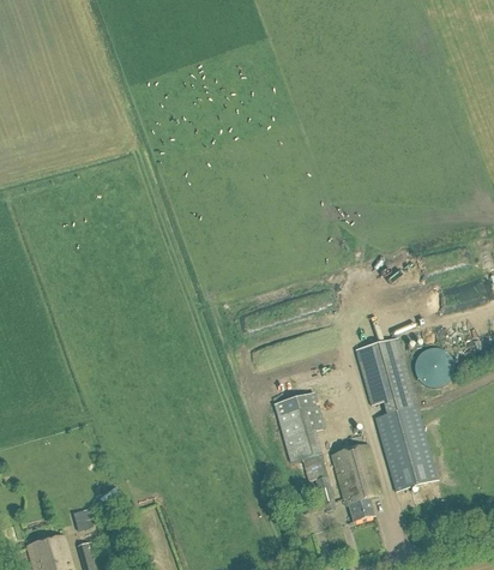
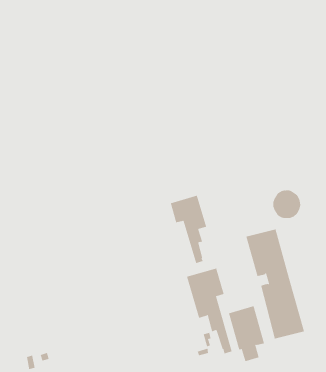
building: none -> [170,195,207,264]
building: [414,347,453,386] -> [272,190,301,219]

